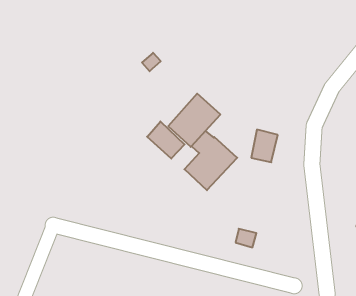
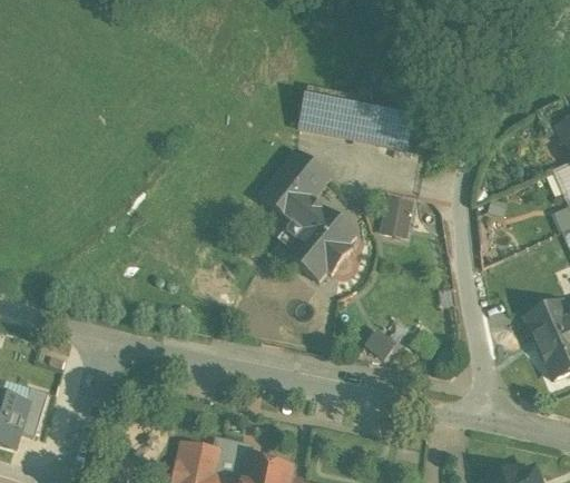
building: none -> [301,96,414,148]
building: [147,121,185,159] -> none

